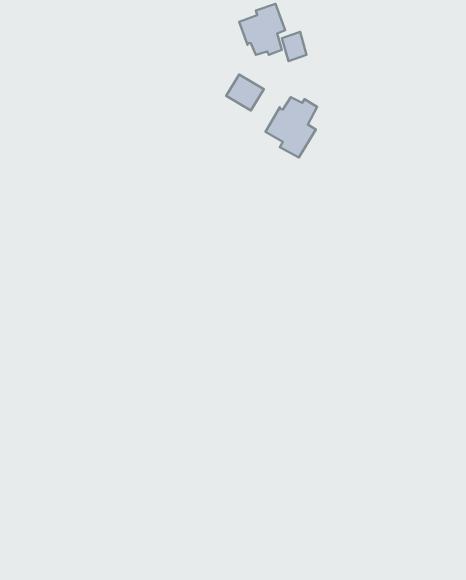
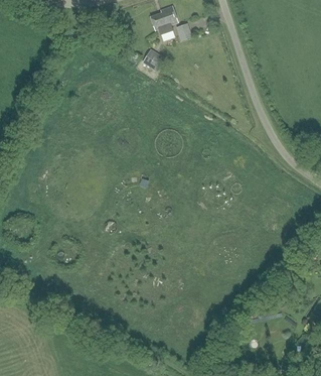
building: [265,97,317,158] -> none

